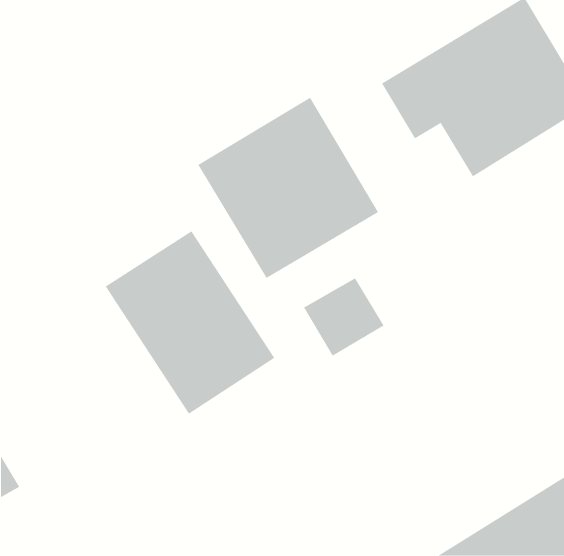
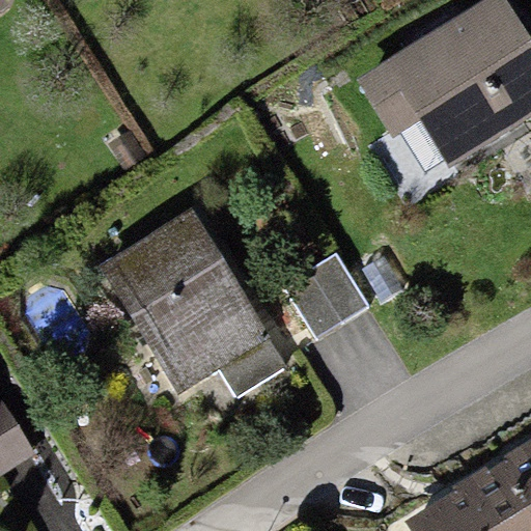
building: [197,97,379,279] -> none

